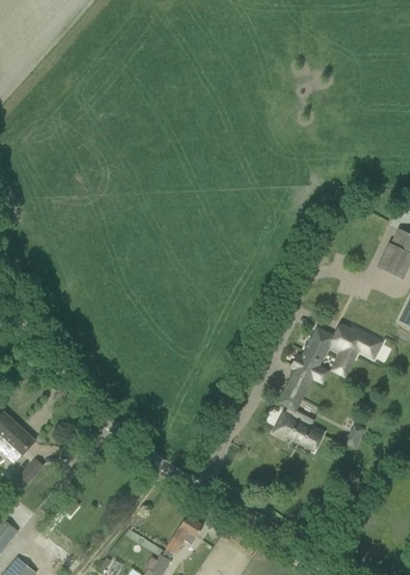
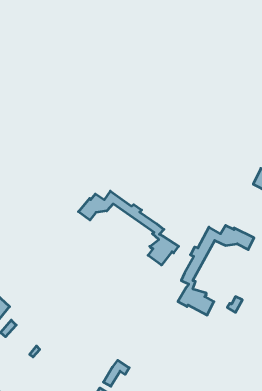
building: none -> [78,191,179,265]

